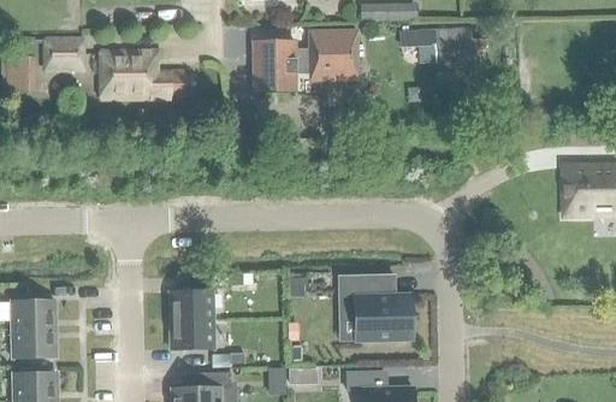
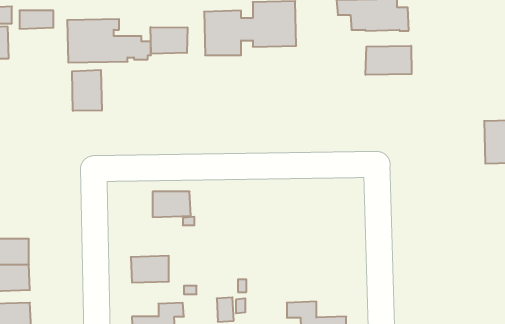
building: none -> [151,27,187,54]
building: none -> [366,46,412,75]
building: none -> [72,70,102,111]
building: [338,274,413,341] -> none
building: [170,291,213,320] -> [153,192,191,217]

